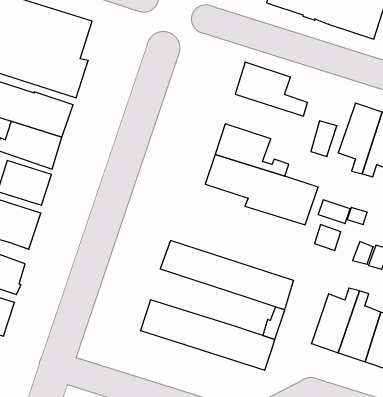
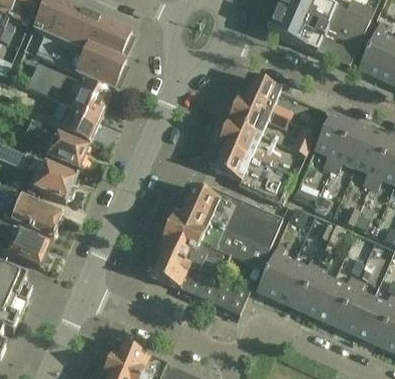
building: none -> [227,97,288,134]
building: none -> [175,182,281,246]
building: none -> [155,227,230,277]
building: none -> [257,241,294,296]

